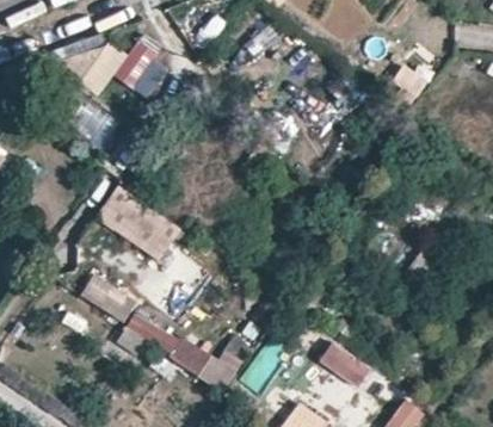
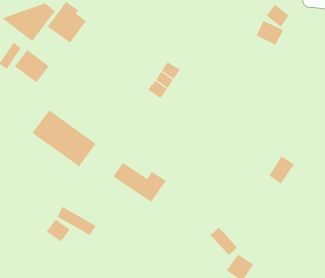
building: [80,272,136,321] -> none
building: [172,338,244,391] -> [113,162,167,203]

